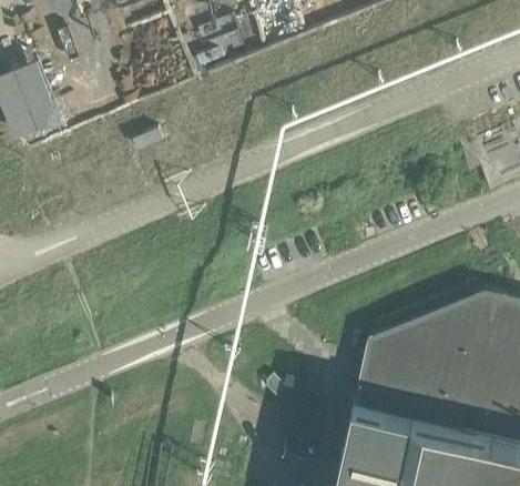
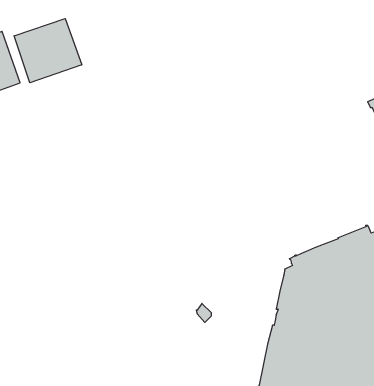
building: none -> [14,19,82,83]

